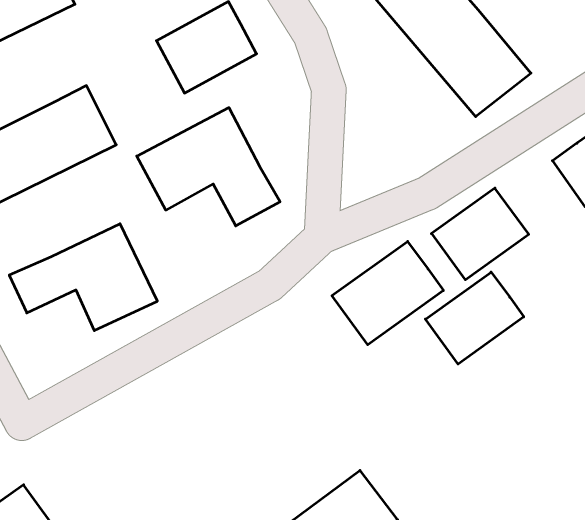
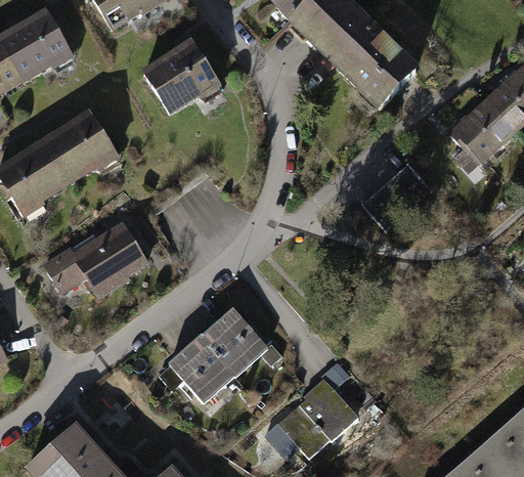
building: [137,108,280,226] -> none
building: [332,241,443,345] -> none
building: [425,272,524,364] -> none
building: none -> [170,306,269,403]

